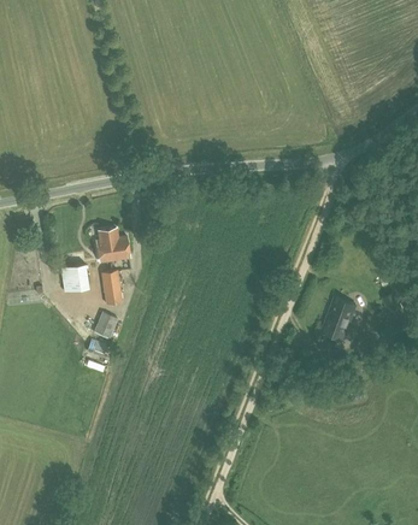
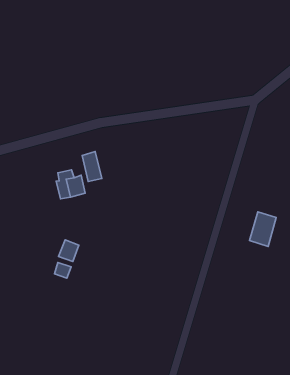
building: [60,265,89,293] -> none
building: [102,271,124,306] -> [82,152,102,181]

